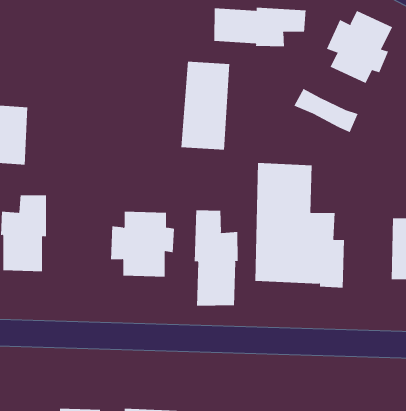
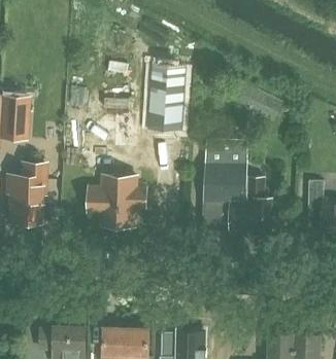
building: [214,7,306,47] -> none
building: [326,10,393,84] -> none
building: [194,209,238,306] -> none

